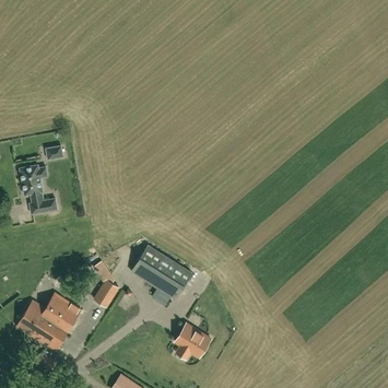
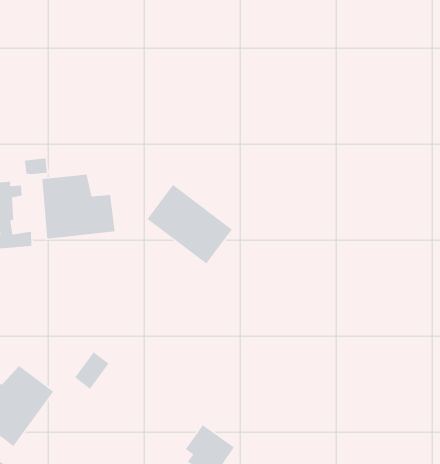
building: none -> [41,174,116,240]
building: [131,245,192,299] -> [147,184,233,265]

